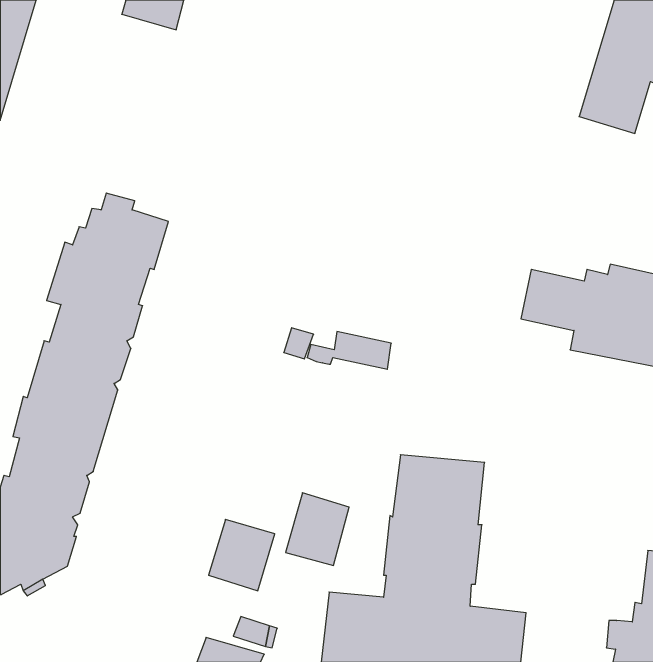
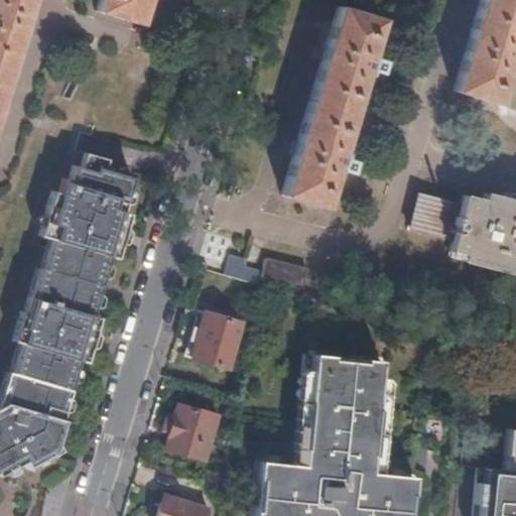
building: none -> [287,7,385,208]
building: [286,493,349,565] -> [196,311,245,368]

